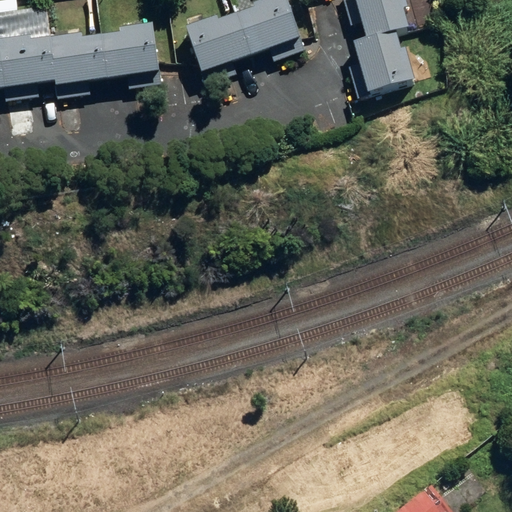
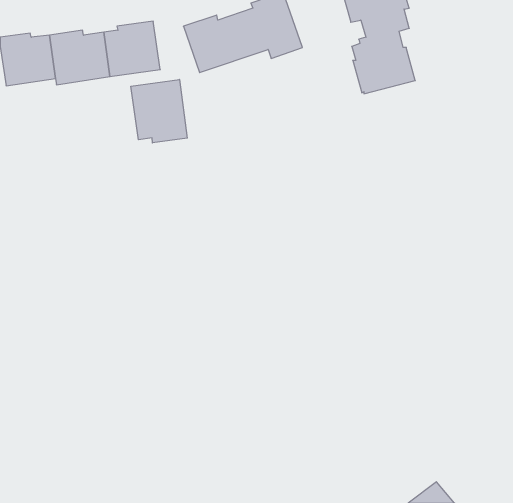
building: none -> [131,79,187,143]

